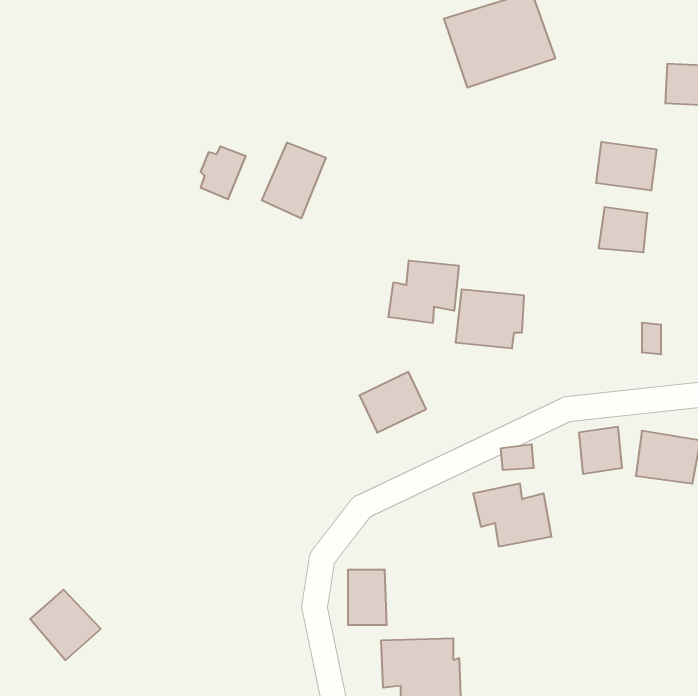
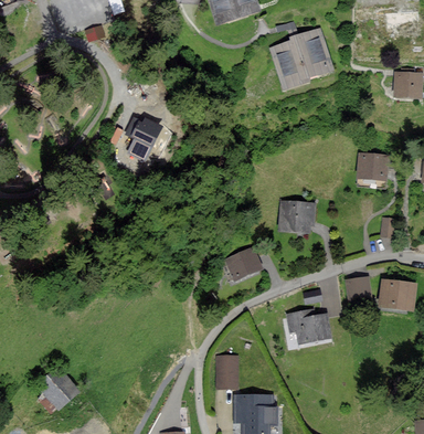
building: [596,142,656,191] -> none
building: [262,142,326,218] -> none
building: [388,260,459,323] -> none

